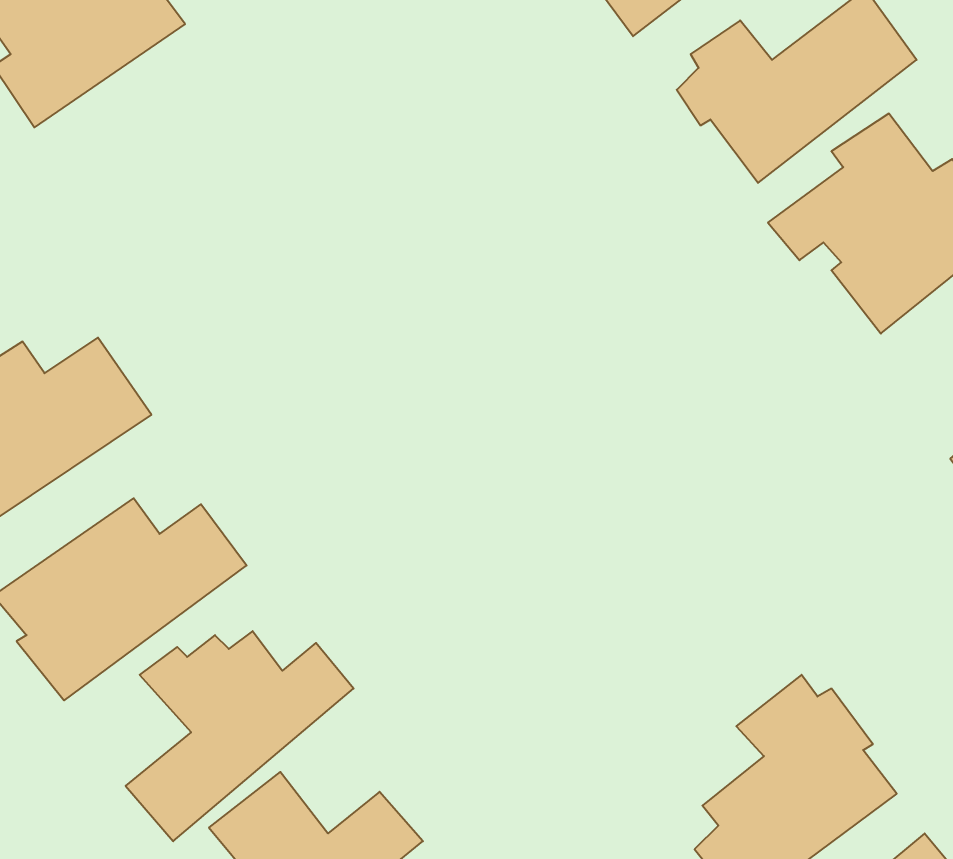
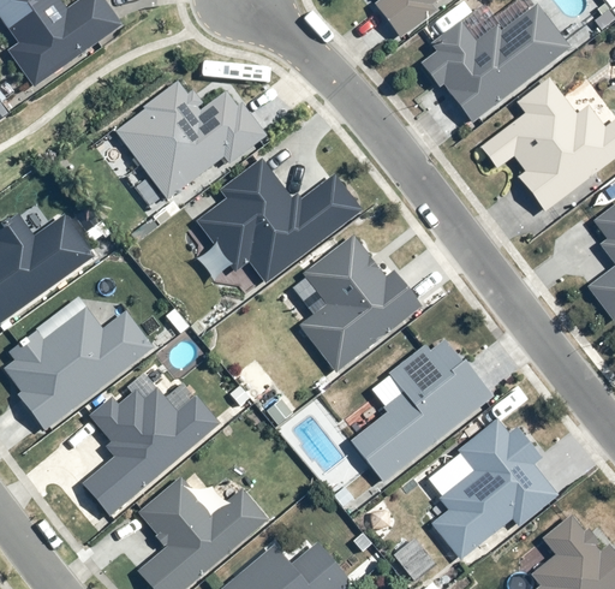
building: none -> [114,84,265,197]
building: none -> [195,156,362,282]
building: none -> [297,234,420,369]
building: none -> [348,334,491,480]

